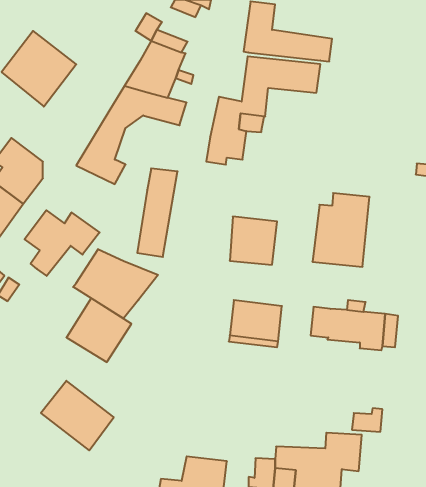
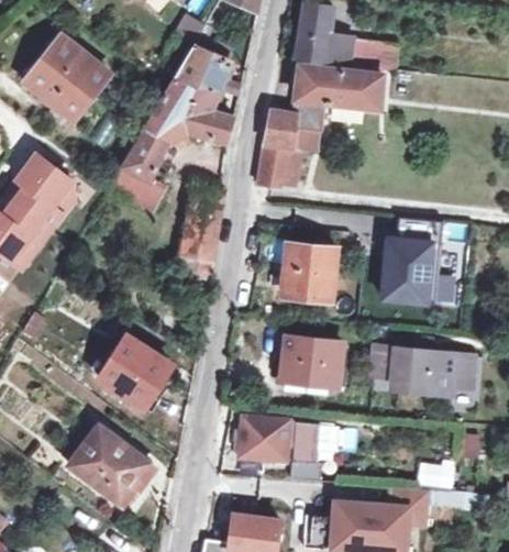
building: [25,210,100,276] -> none
building: [73,249,158,318] -> none
building: none -> [236,415,318,479]

